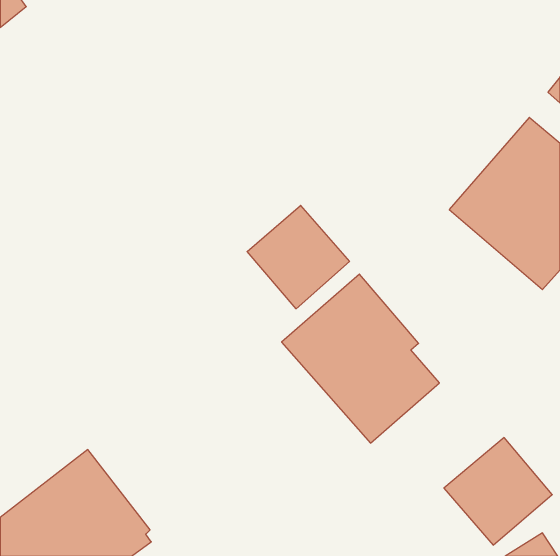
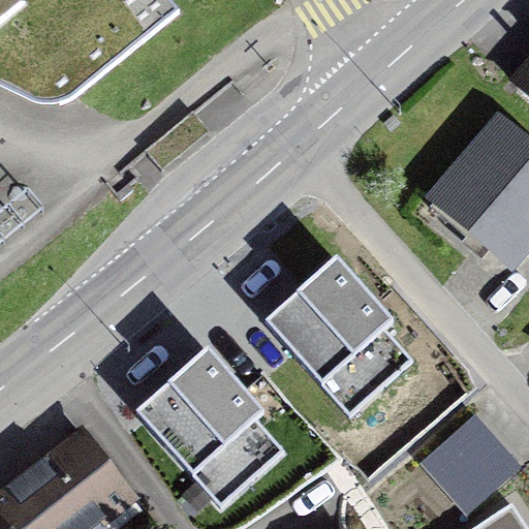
building: [247,205,349,309] -> none
building: none -> [135,349,286,508]

